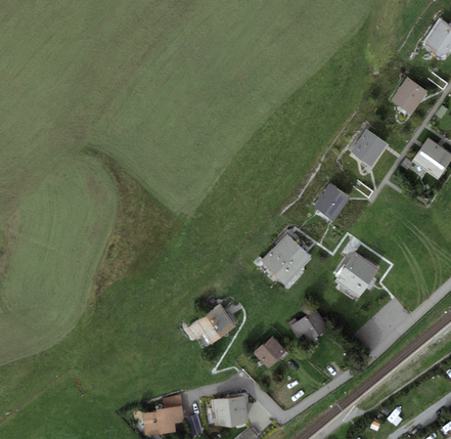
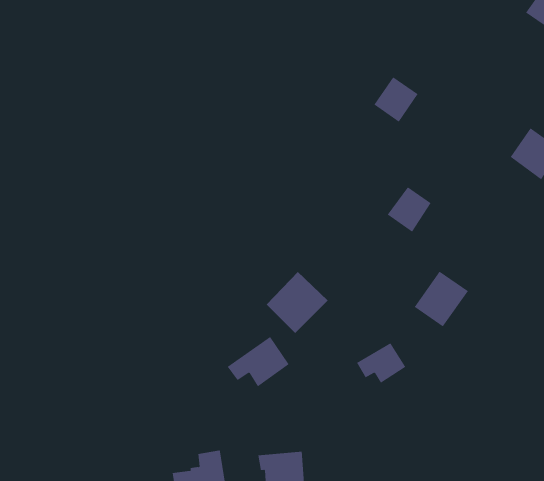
building: [390,77,426,115] -> none
building: [350,129,386,166] -> [374,76,418,122]
building: [261,234,311,284] -> [266,271,329,334]
building: [253,336,285,367] -> none

